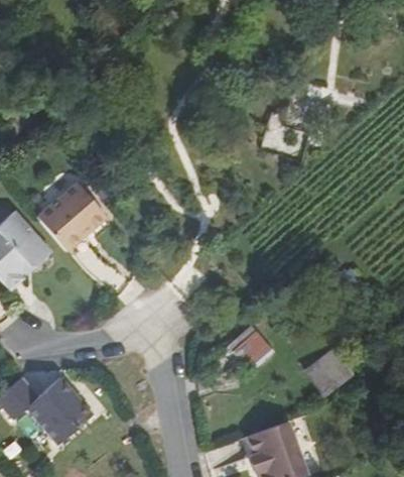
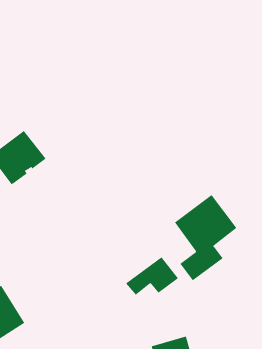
building: none -> [174,194,237,281]
building: [306,349,354,395] -> none

